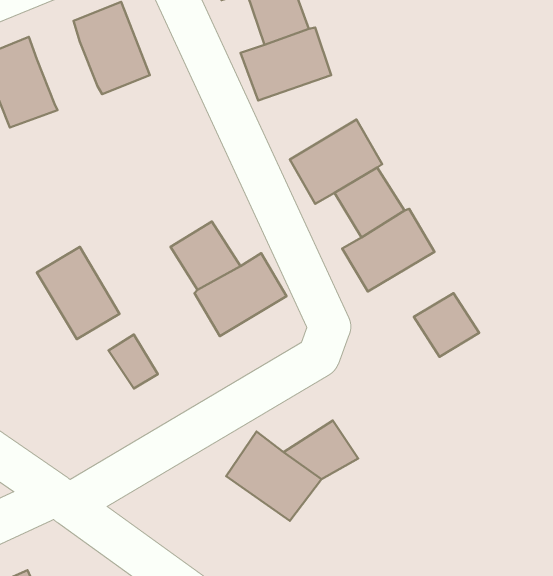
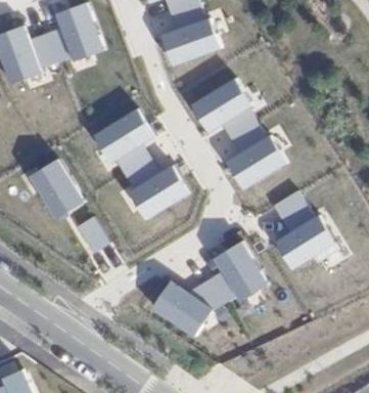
building: none -> [29,28,67,68]
building: none -> [93,108,153,162]
building: none -> [273,215,331,268]
building: none -> [211,239,267,300]

